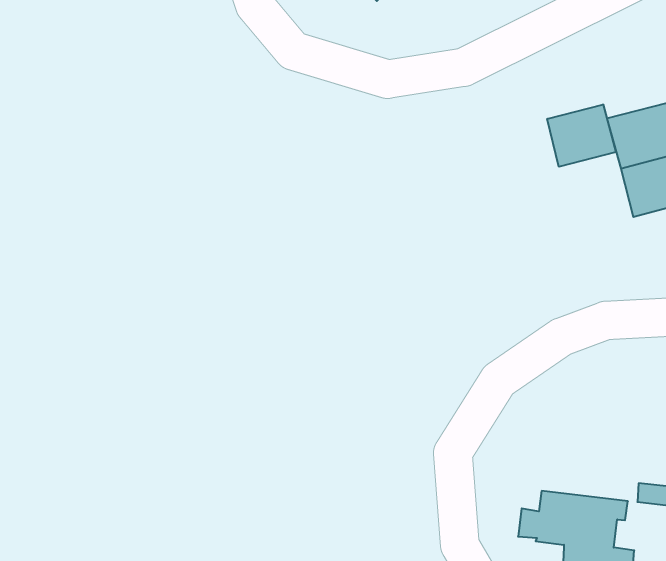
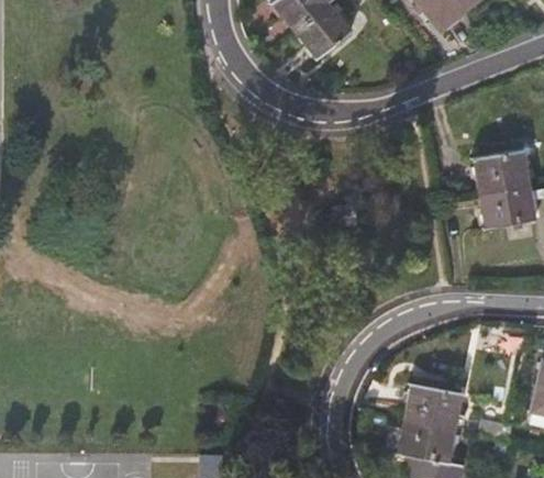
building: [547,104,616,167] -> none
building: none -> [401,381,465,430]

